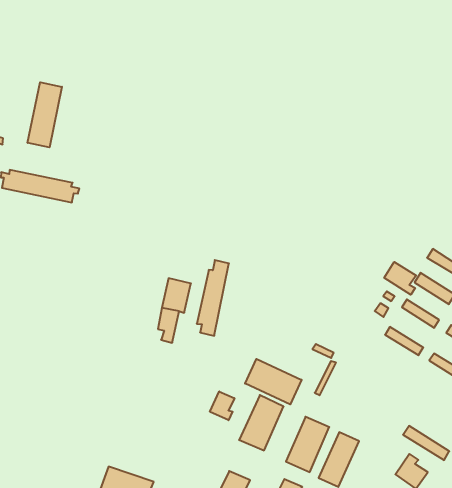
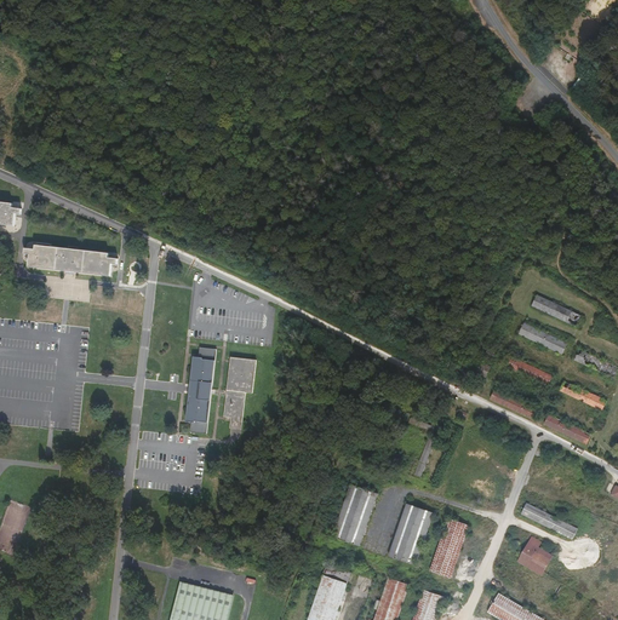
building: [28,82,62,147] -> none
building: [197,260,229,336] -> [184,345,216,434]
building: [384,262,416,295] -> none
building: [245,359,302,404] -> none
building: [210,391,234,420] -> none

